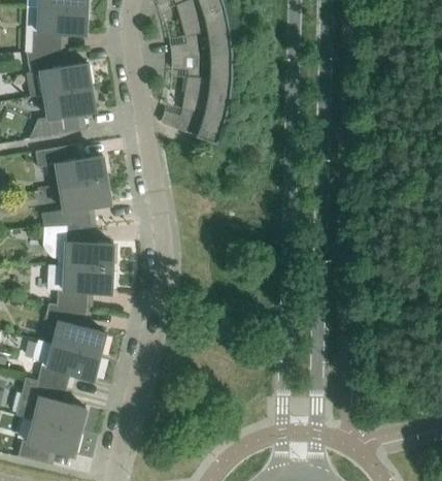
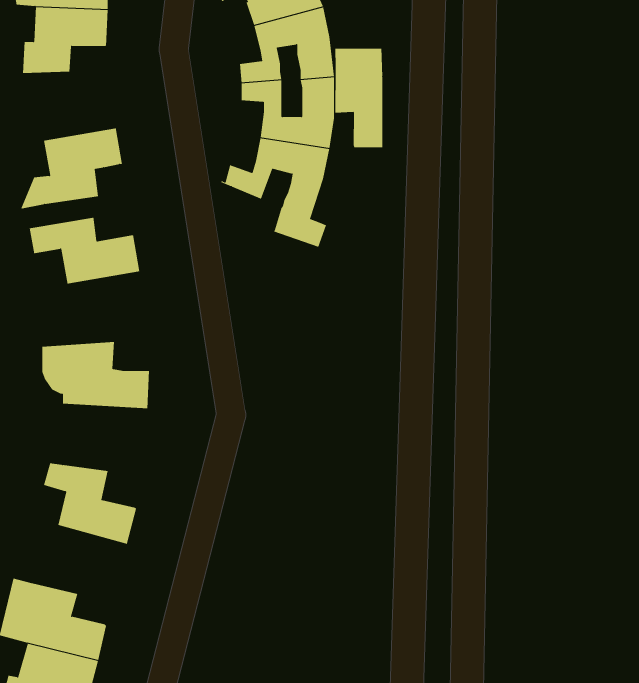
building: none -> [335,48,383,148]
building: [26,50,92,94] -> none
building: [41,179,111,227] -> none
building: [47,264,112,308] -> none
building: [33,340,99,387] -> none

